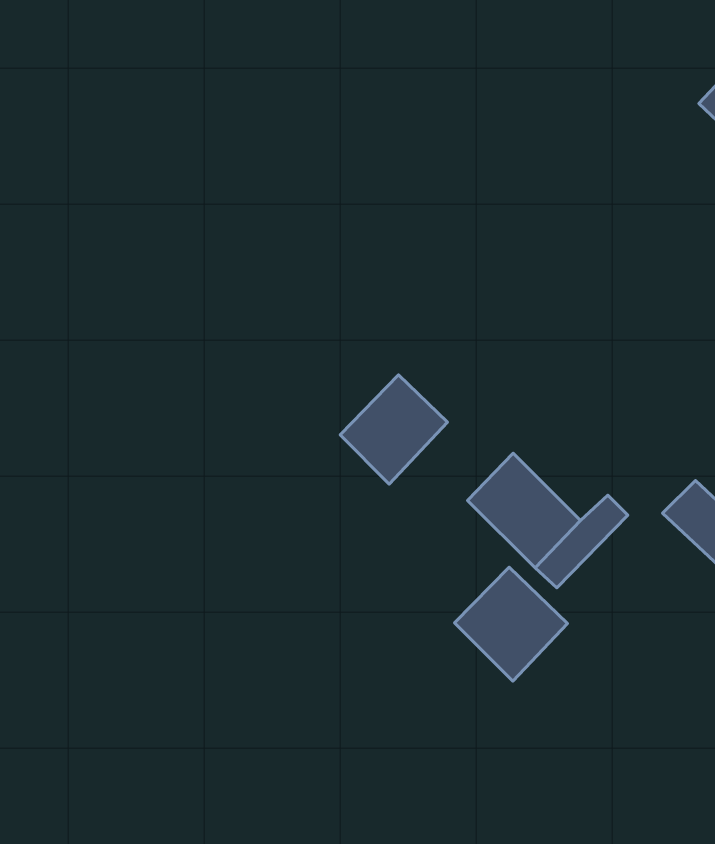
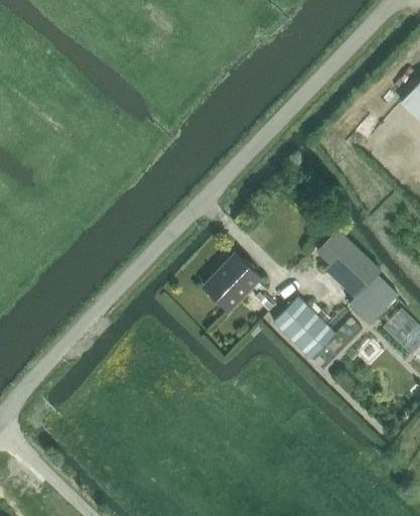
building: none -> [315,228,398,324]
building: [455,567,567,681] -> none

